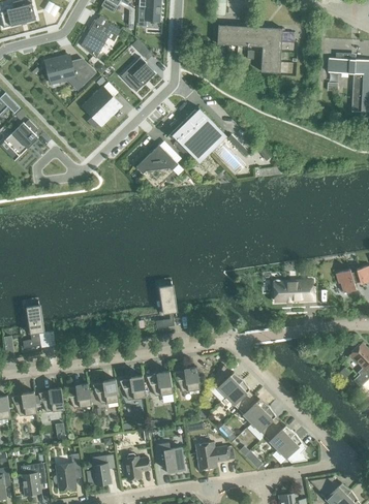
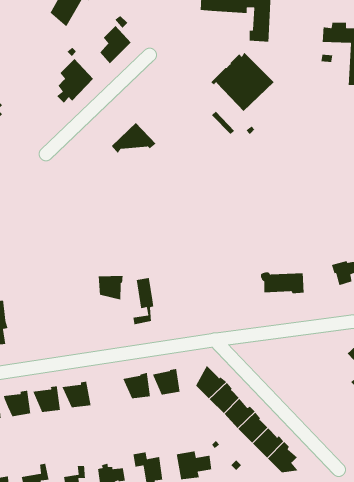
building: [45,55,93,85] -> none
building: [168,106,226,162] -> [211,50,274,112]
building: none -> [98,275,124,301]
building: [120,375,146,400] -> none

